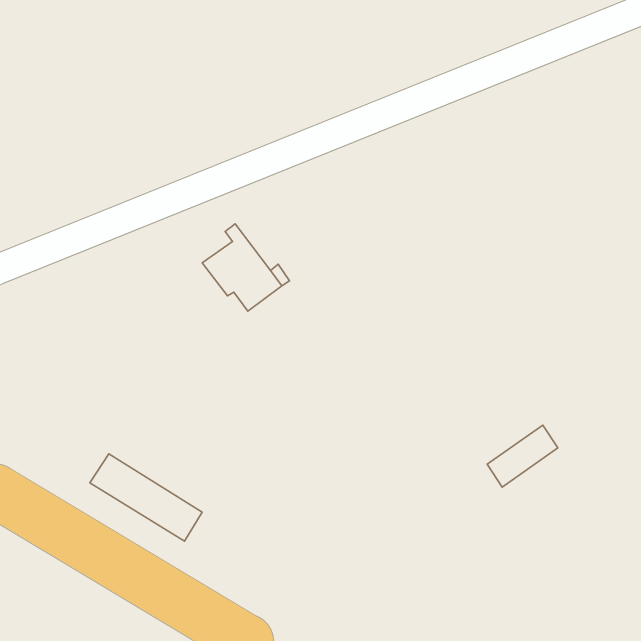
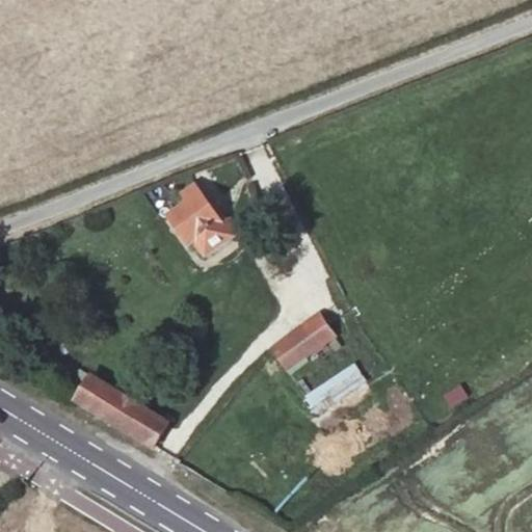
building: none -> [271,316,332,370]
building: [487,425,558,487] -> [304,363,363,414]

